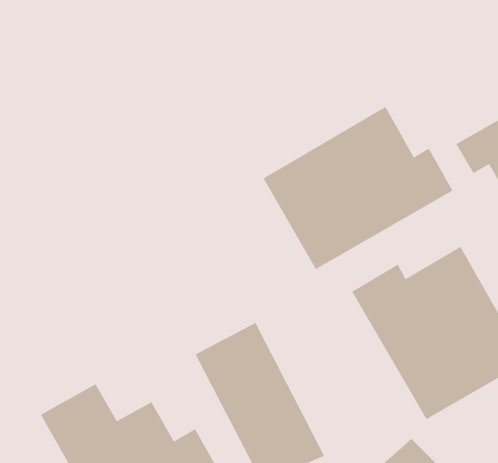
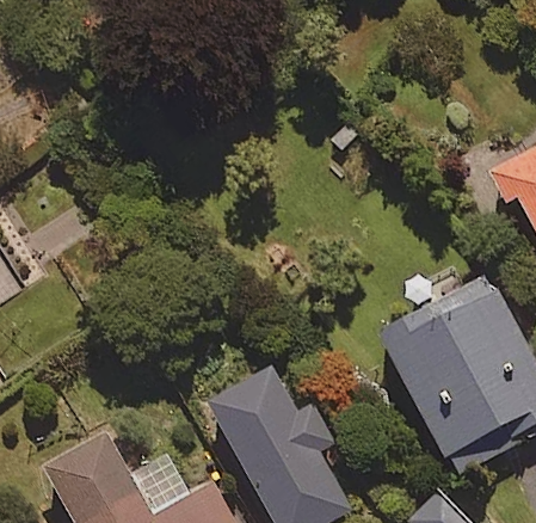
building: [262,106,454,270] -> none

